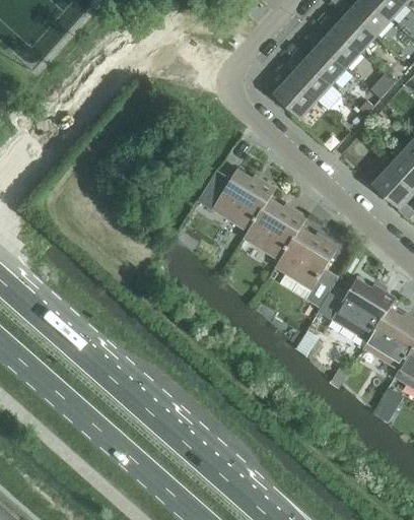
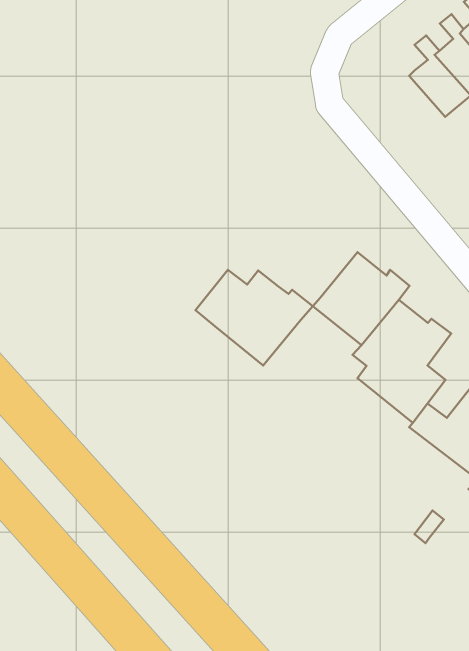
building: [274,64,317,118] -> none
building: [198,169,276,232] -> [195,270,313,365]

